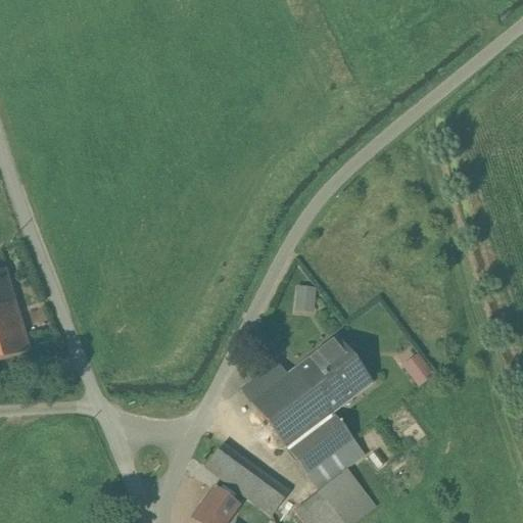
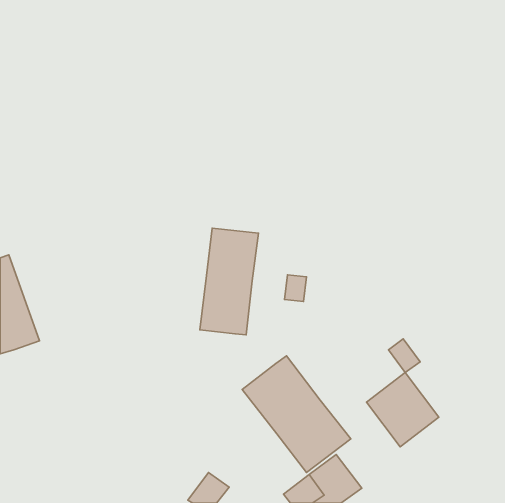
building: none -> [200,228,259,335]
building: [296,337,371,414] -> [367,373,439,447]
building: [240,363,285,402] -> none
building: [205,444,288,515] -> none

